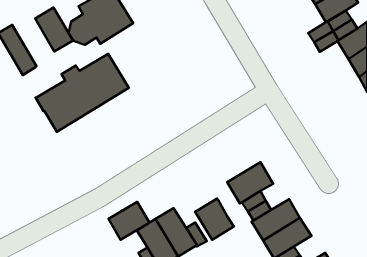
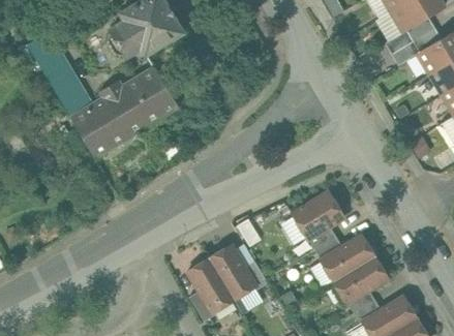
building: [35,7,73,51] -> none
building: none -> [56,81,87,117]
building: [195,199,234,240] -> none
building: [109,202,150,240] -> none

